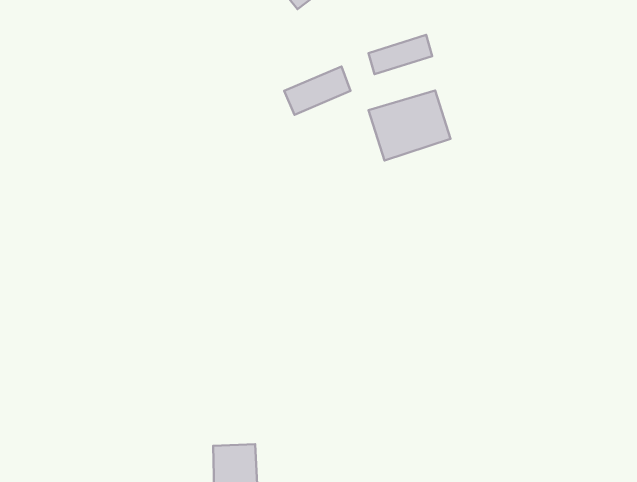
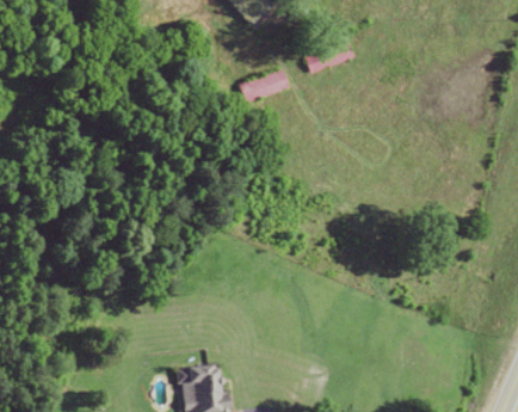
building: [369,90,450,161] -> none

